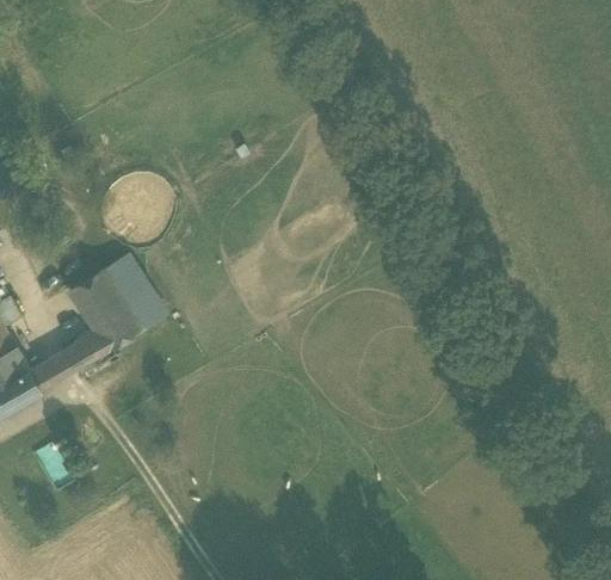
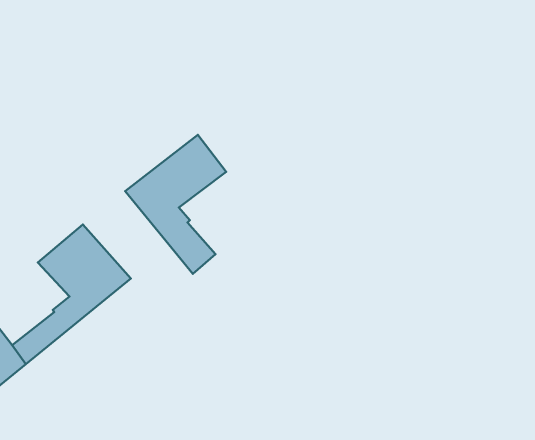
building: none -> [125,135,226,274]

